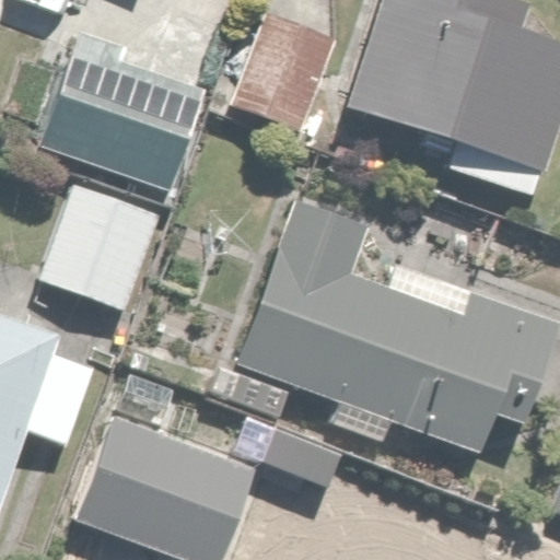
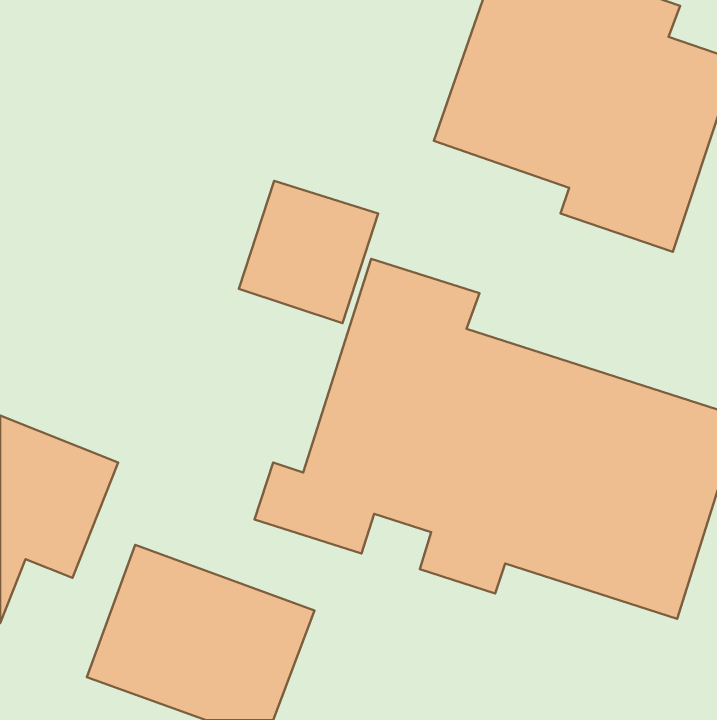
building: [234,16,341,126] -> [239,181,378,323]
building: [39,27,214,194] -> none
building: [38,182,161,304] -> none

